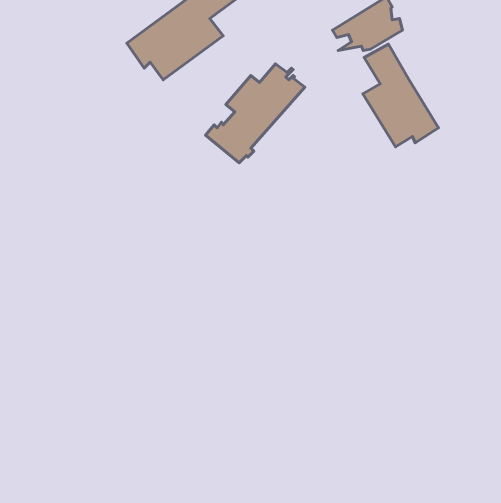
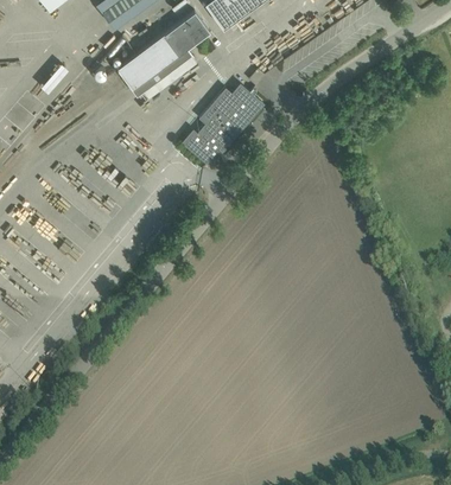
building: [363,44,439,147] -> none

